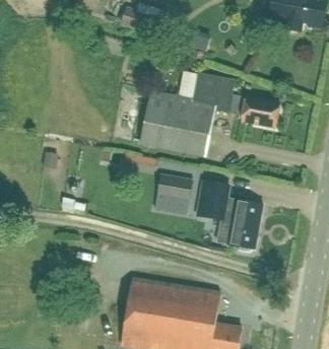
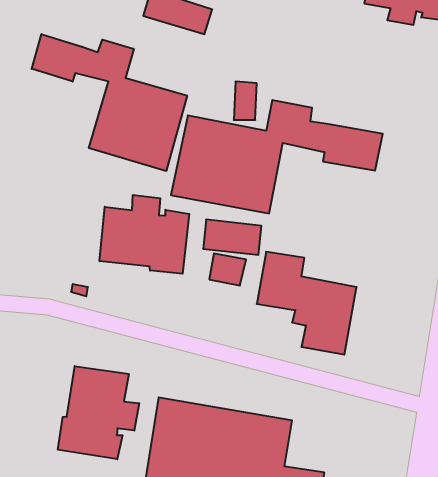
building: none -> [32,34,187,171]
building: none -> [100,195,189,274]
building: none -> [58,366,139,459]

